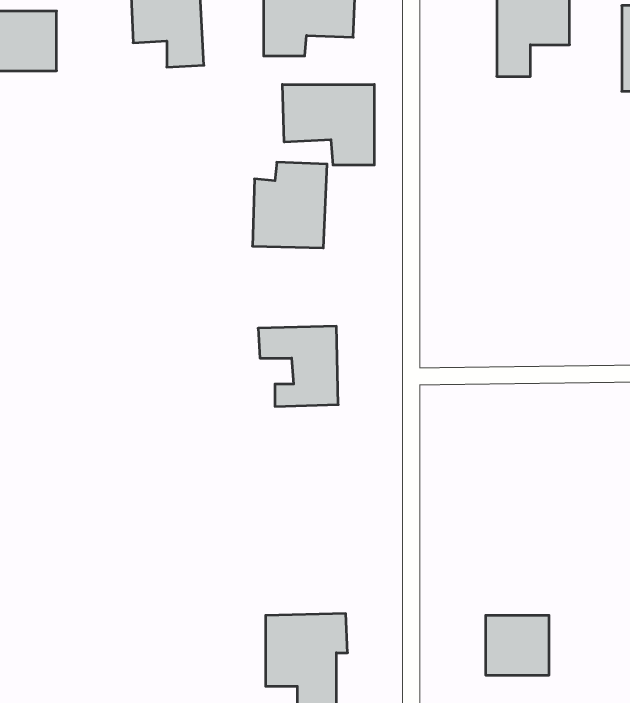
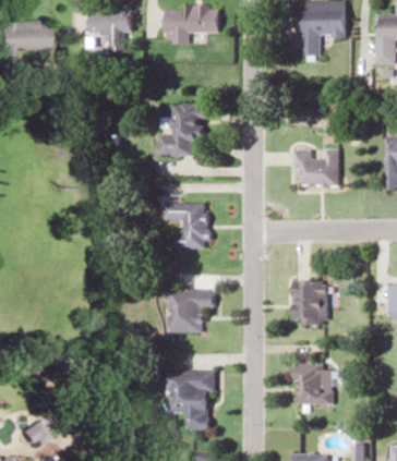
building: [282,84,374,165] -> none
building: none -> [297,149,340,186]
building: none -> [291,280,328,323]
building: none -> [167,289,214,332]

